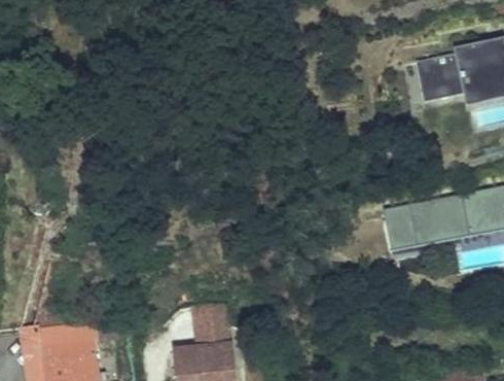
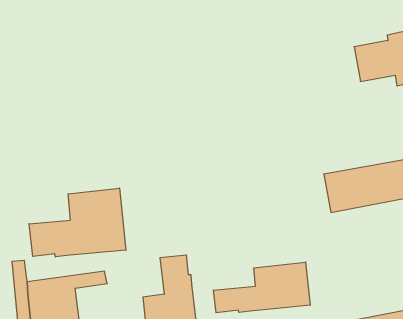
building: none -> [29,188,126,257]
building: none -> [214,262,310,313]

